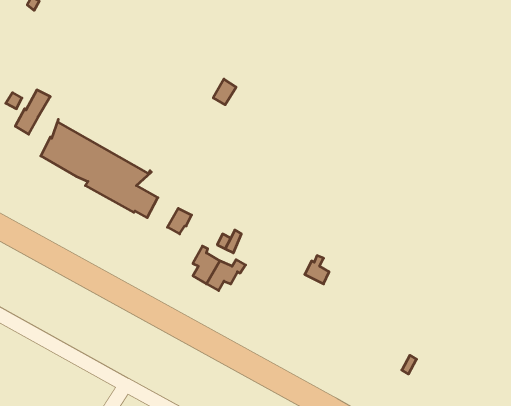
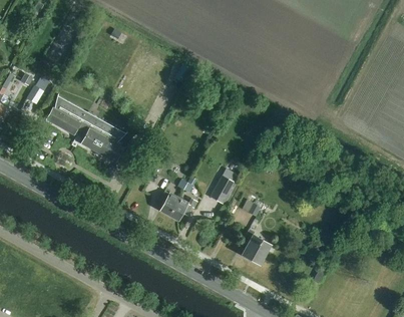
building: none -> [211,175,236,204]
building: none -> [242,229,271,265]

